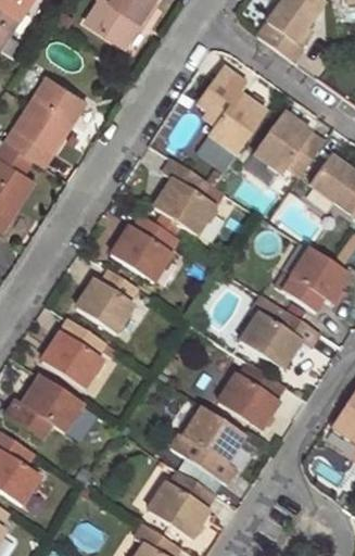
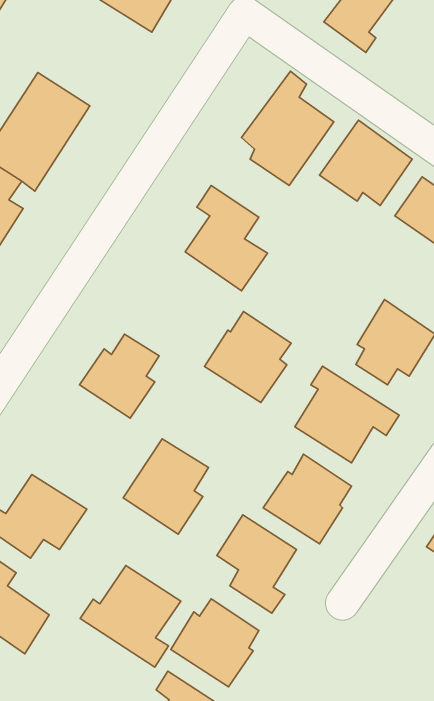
building: [112,214,177,282] -> [205,311,291,403]
building: [39,319,103,391] -> [123,439,209,534]
building: none -> [80,566,181,667]

